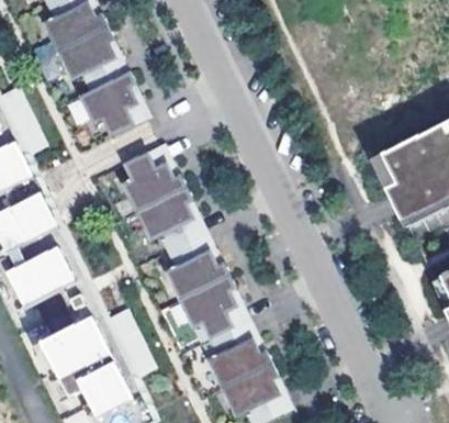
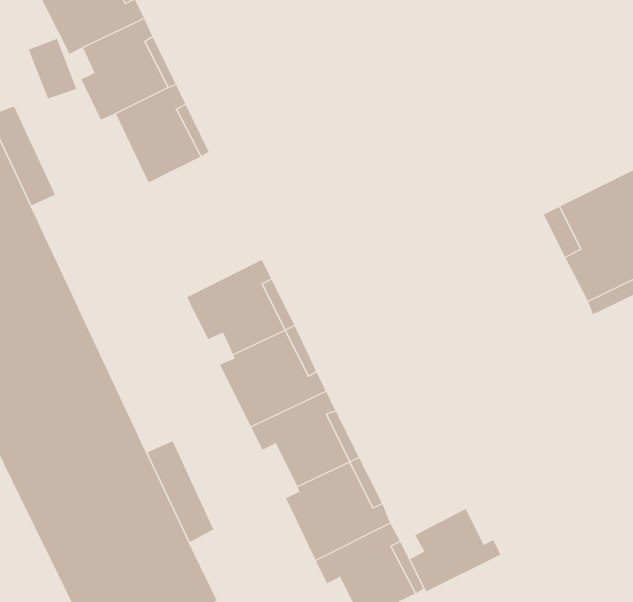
building: [120,146,184,213] -> none
building: none -> [409,508,501,592]

